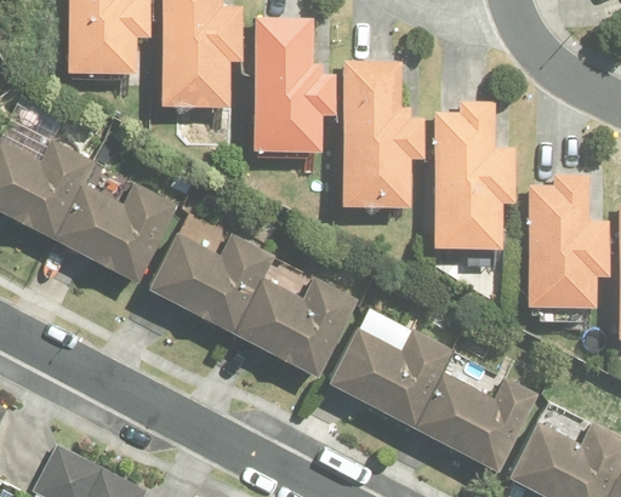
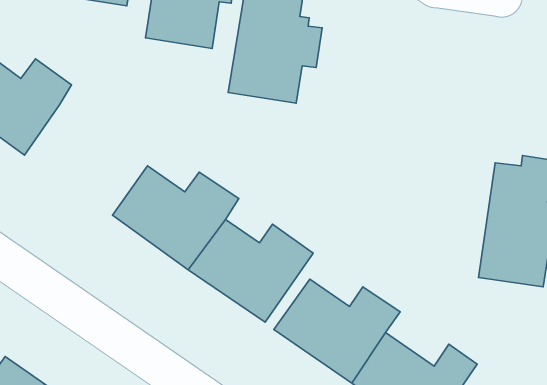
building: [342,62,427,205] -> none
building: [433,101,517,246] -> none
building: [52,181,178,281] -> none

